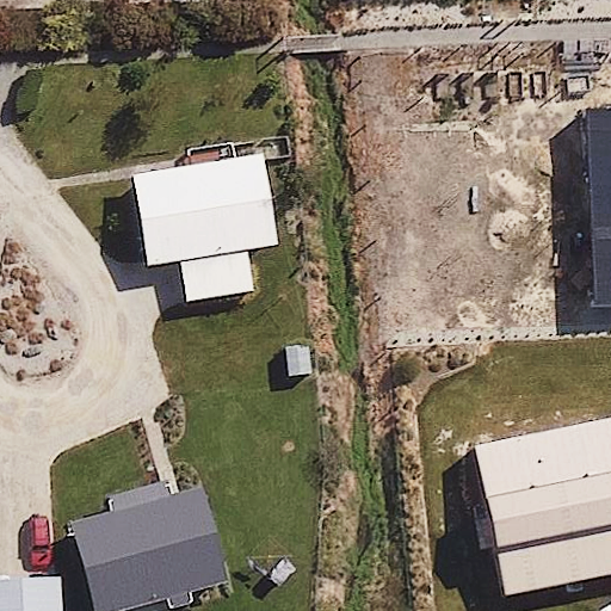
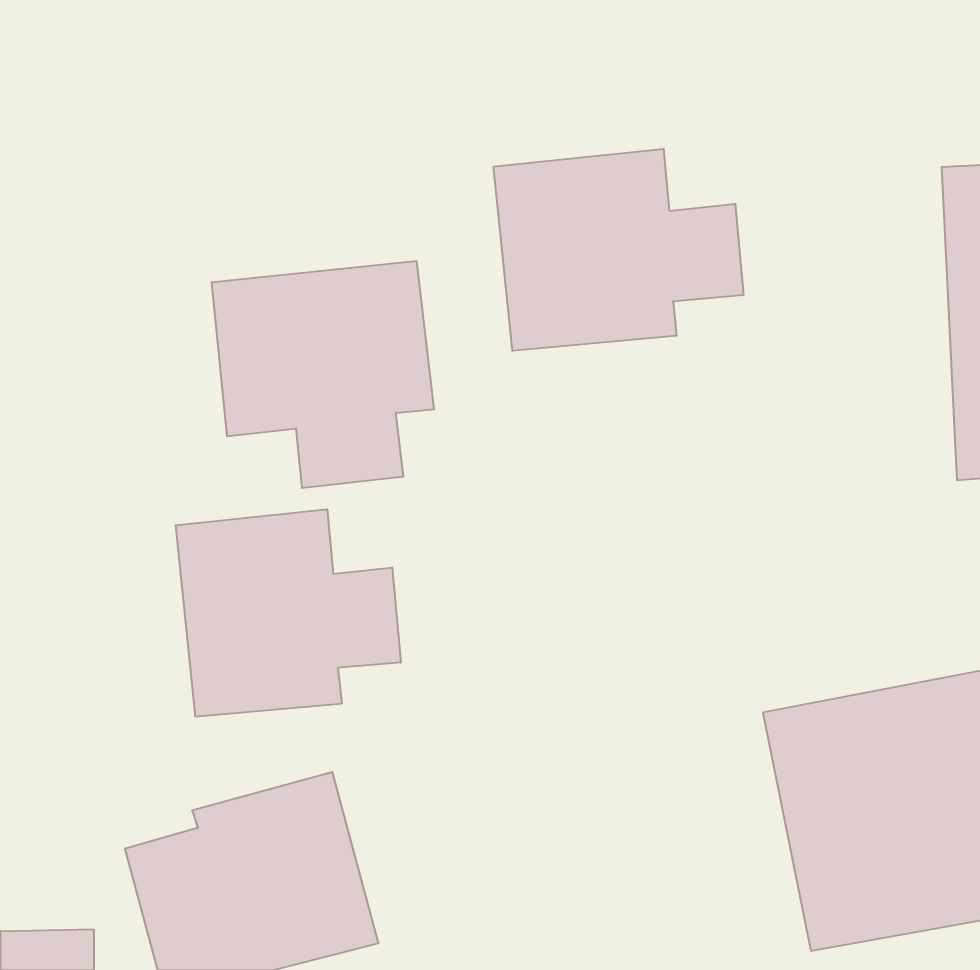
building: none -> [494,149,743,351]
building: none -> [176,509,401,717]

